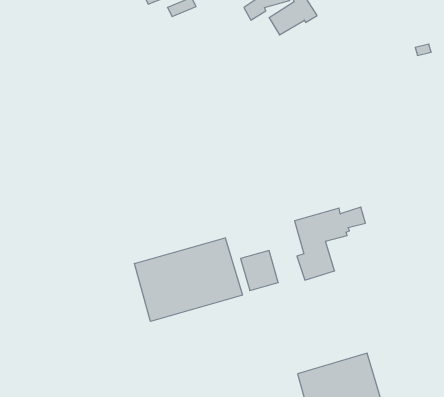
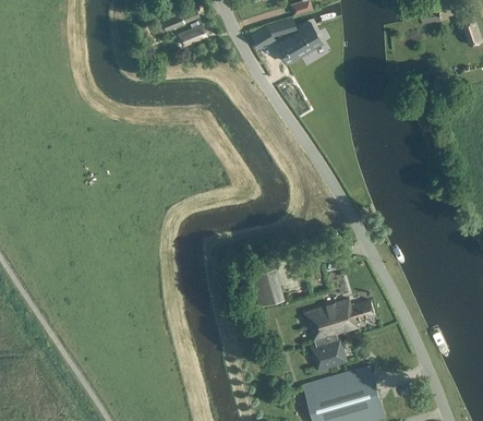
building: [295,207,365,280] -> [307,300,375,370]
building: [134,238,243,321] -> none

